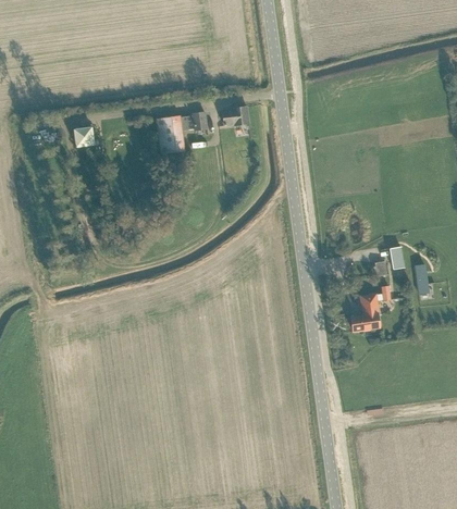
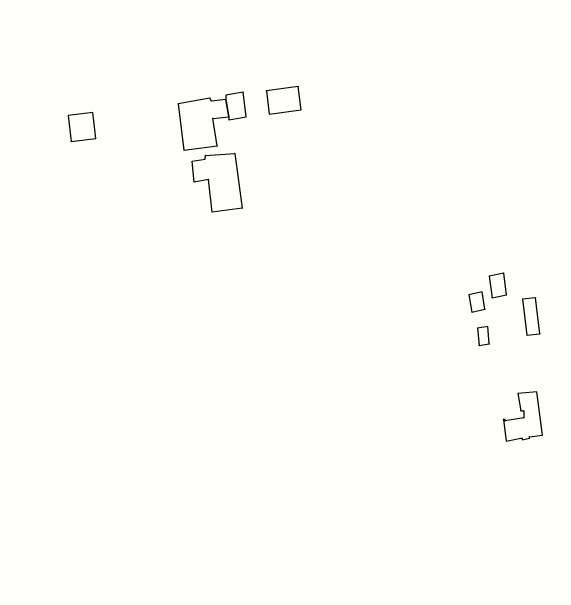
building: none -> [192,153,242,212]
building: [350,294,380,331] -> [503,392,542,441]

